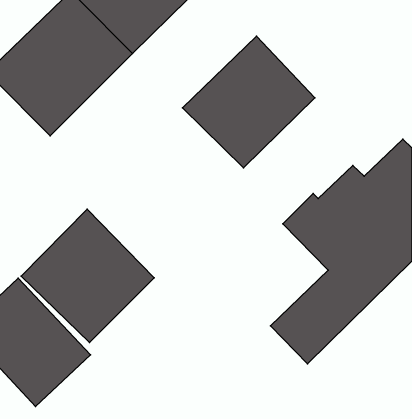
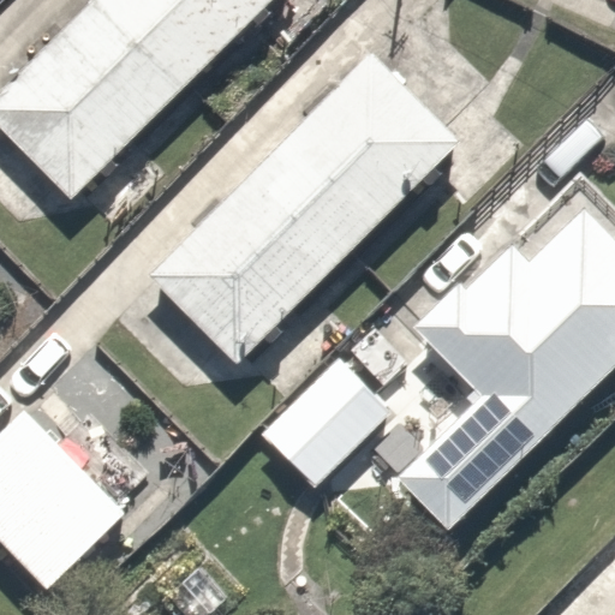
building: none -> [150,157,356,362]
building: [21,209,154,343] -> none
building: none -> [240,353,371,484]

